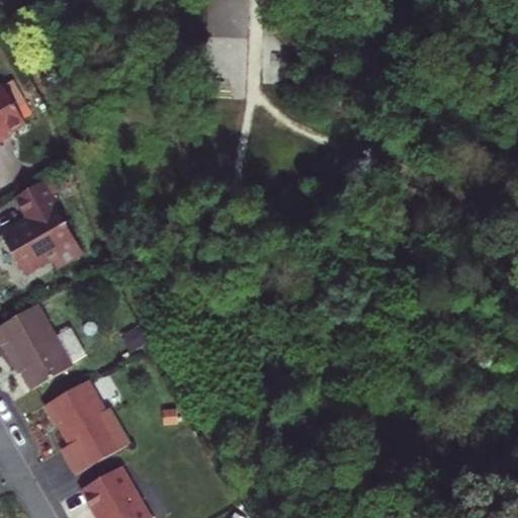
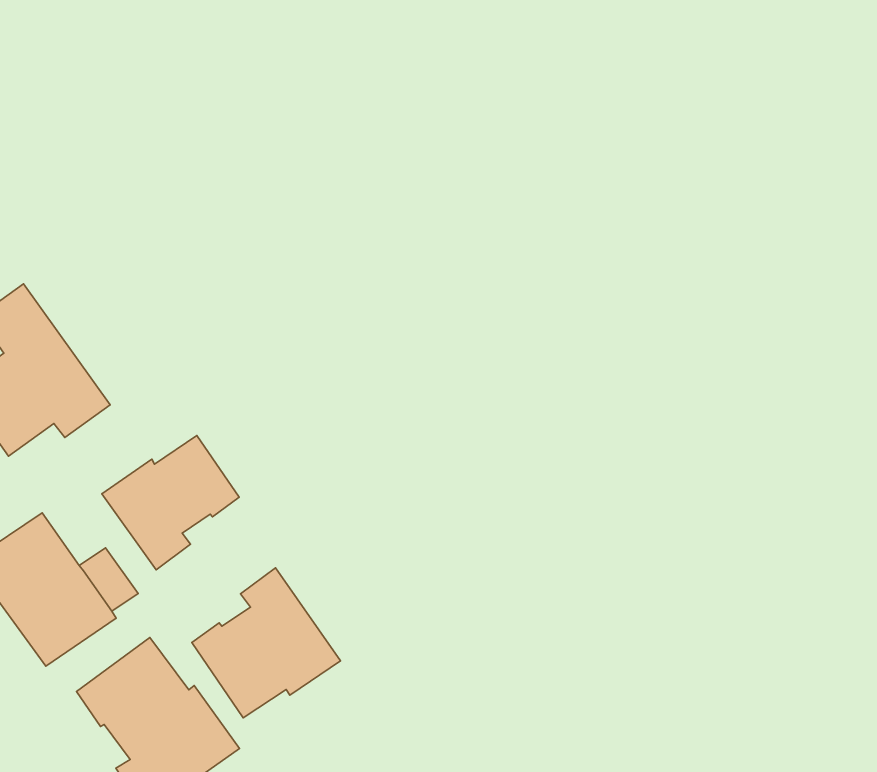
building: none -> [102,435,239,570]
building: none -> [192,568,341,718]

